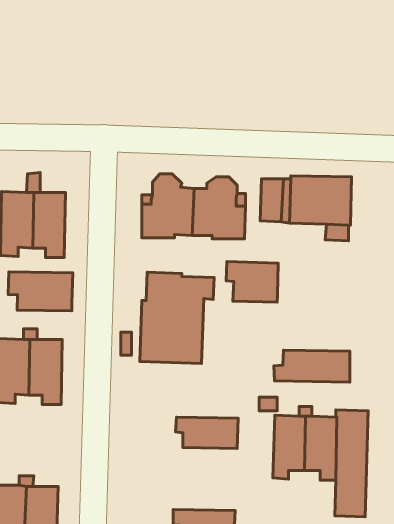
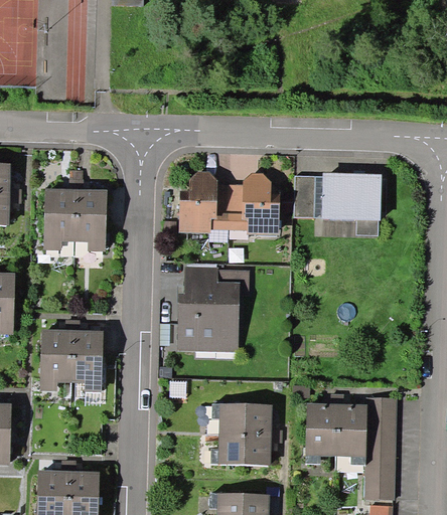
building: [226,261,278,302] -> none
building: [8,272,73,311] -> none
building: [274,350,350,382] -> none
building: none -> [210,434,271,466]

